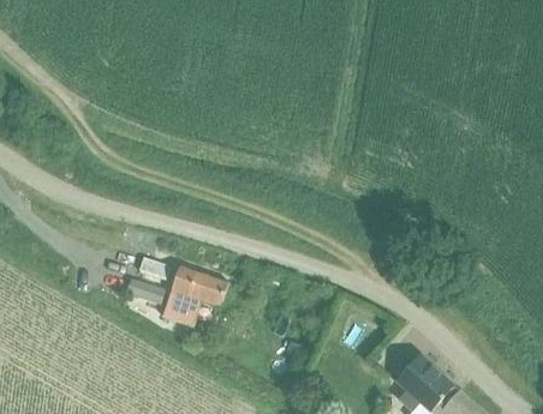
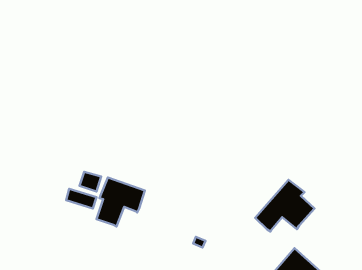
building: none -> [255,180,314,232]

